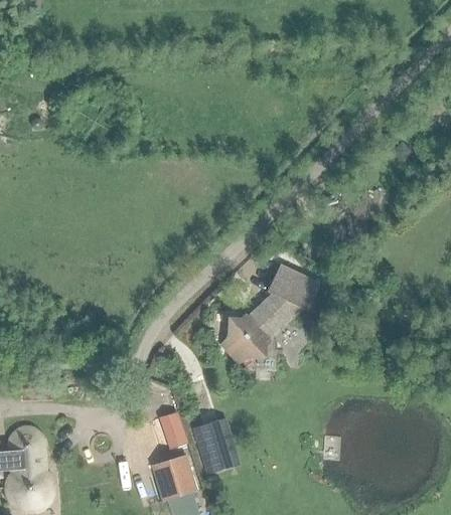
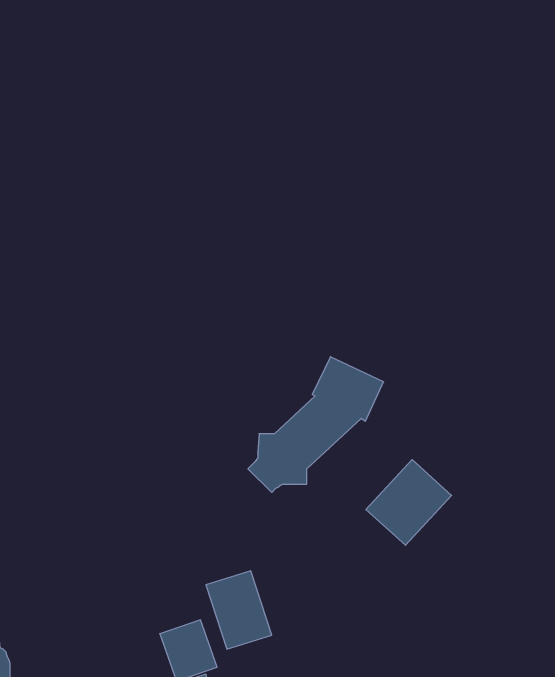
building: none -> [366,460,452,545]
building: [158,410,186,448] -> none

